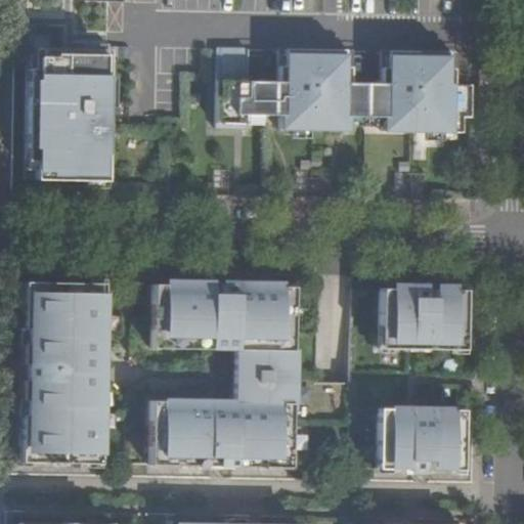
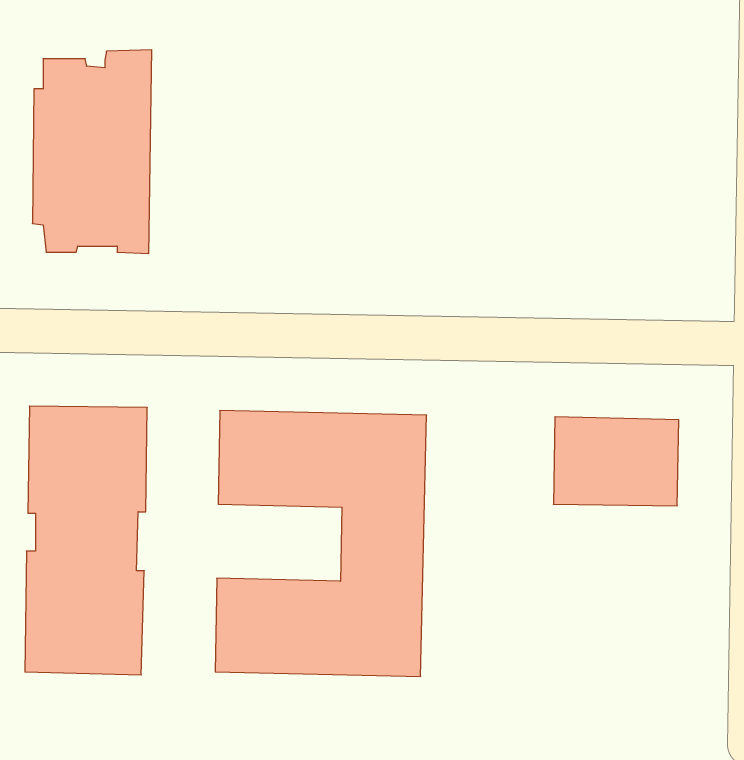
building: [221,44,470,129] -> none
building: [381,407,466,468] -> none

